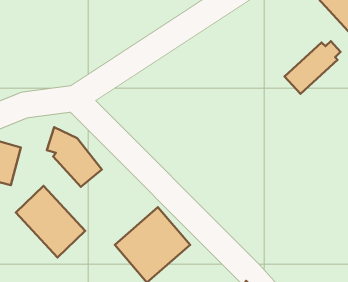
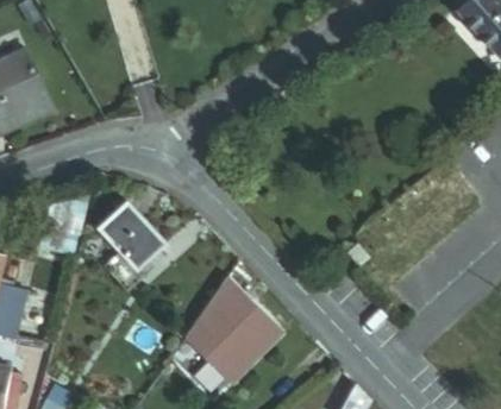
building: [284,41,341,94] -> none
building: [16,186,85,257] -> none

